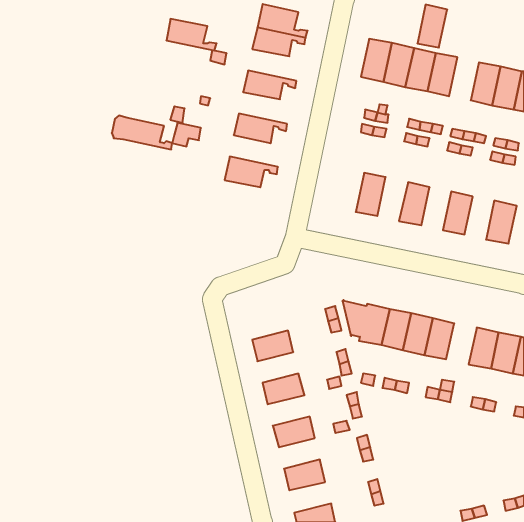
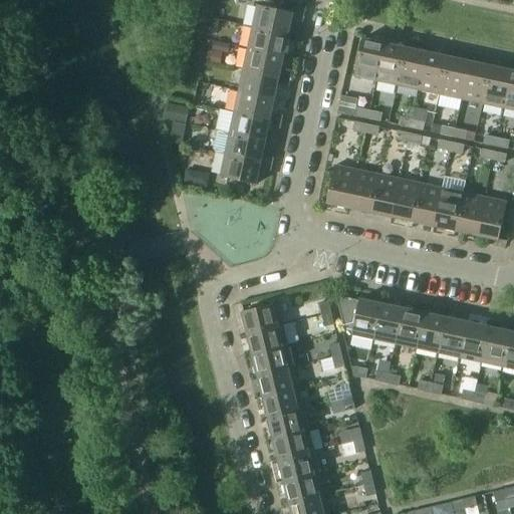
building: [417,5,447,48] -> [440,56,469,98]
building: [166,19,217,51] -> [243,48,292,79]
building: none -> [234,90,282,121]
building: [112,116,172,149] -> [214,131,273,164]
building: none -> [326,165,356,208]
building: none -> [369,174,400,217]
building: none -> [413,184,442,226]
building: none -> [455,193,484,235]
building: none -> [241,302,282,333]
building: none -> [437,317,467,357]
building: none -> [252,345,292,375]
building: none -> [262,388,303,418]
building: none -> [273,430,313,460]
building: none -> [283,473,324,503]

